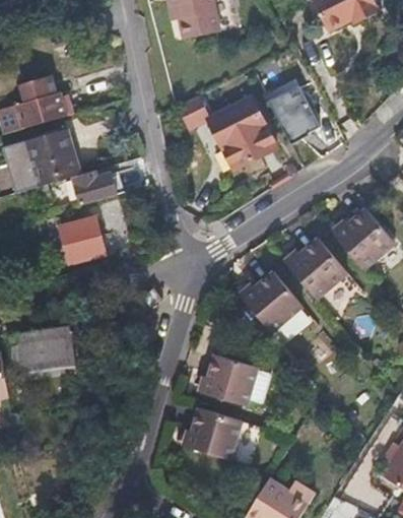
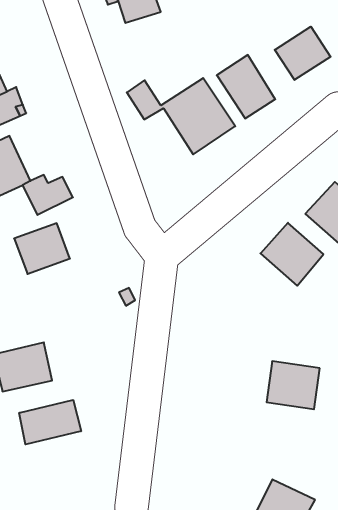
building: none -> [275,27,331,80]
building: [241,275,299,334] -> none
building: [202,358,256,407] -> [267,361,320,409]
building: none -> [19,400,81,444]
building: [186,410,241,461] -> none

